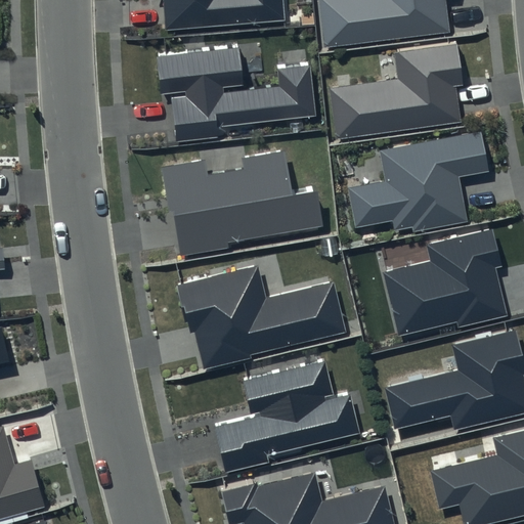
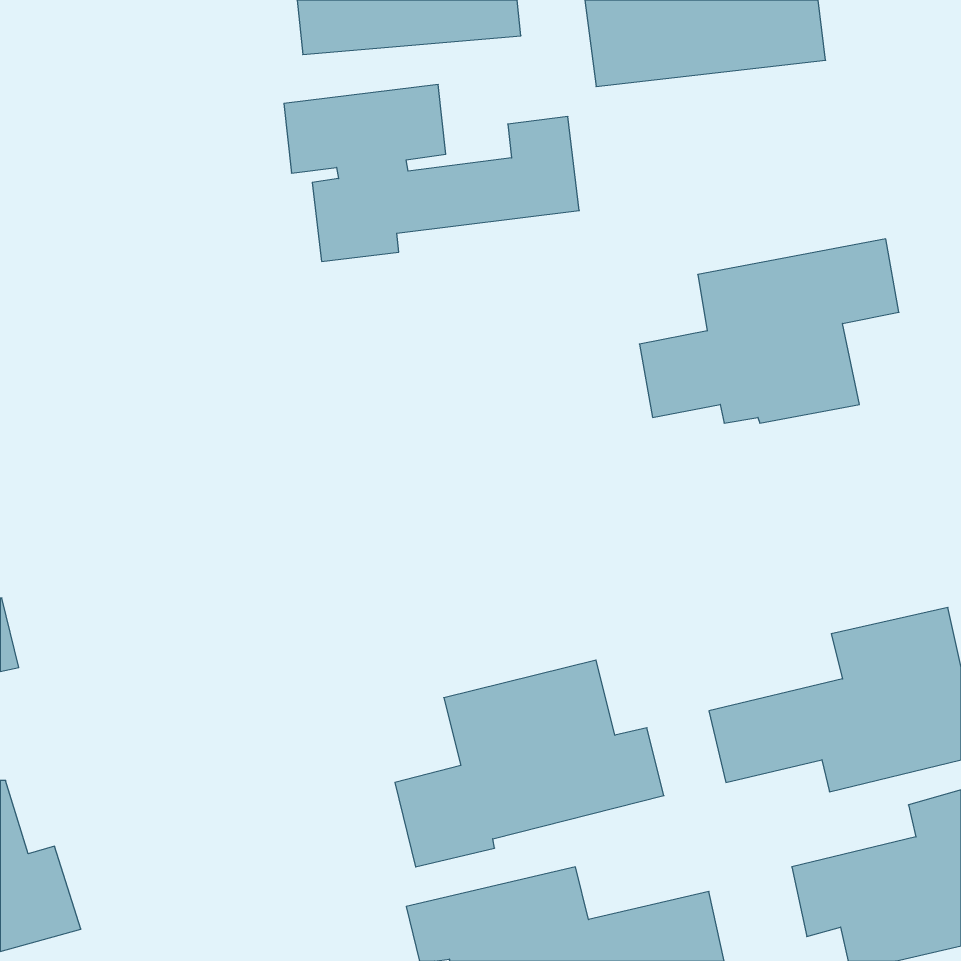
building: [331,44,463,138] -> none
building: [162,147,321,256] -> none
building: [383,228,508,336] -> none
building: [177,266,346,367] -> none

